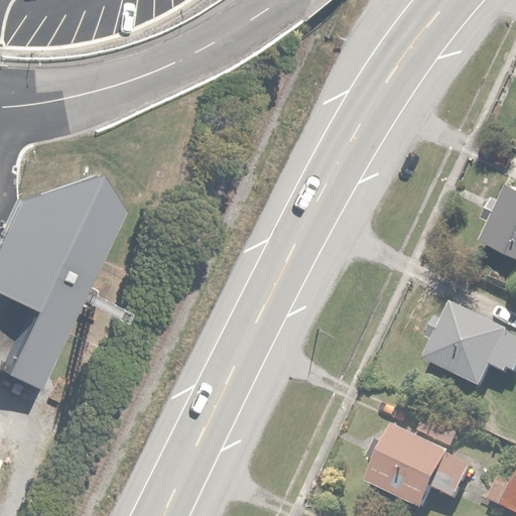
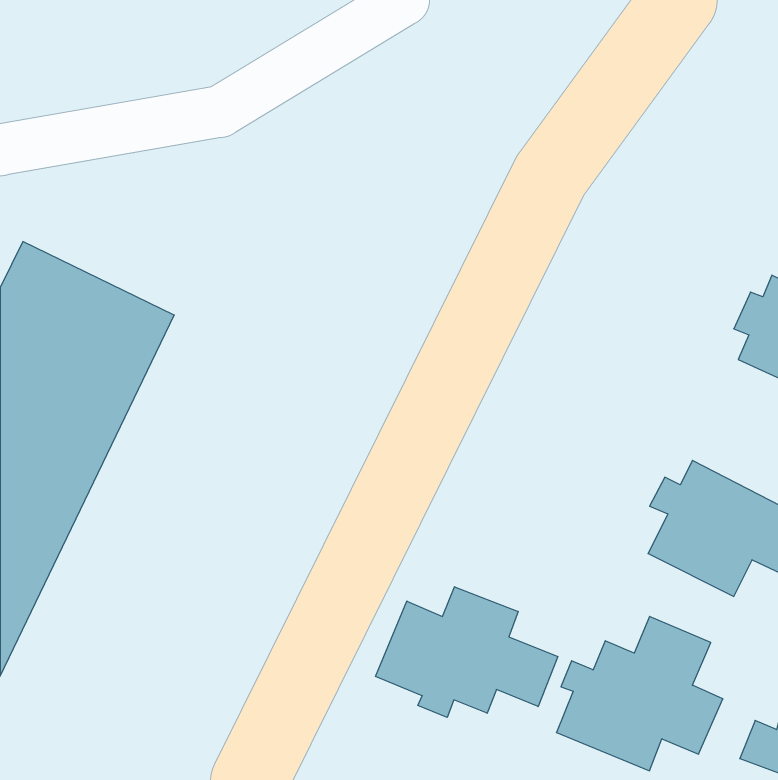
building: none -> [376,587,558,717]

